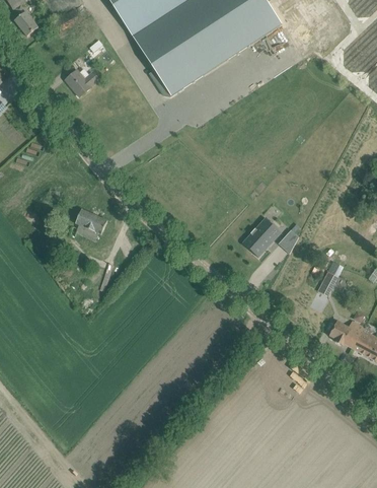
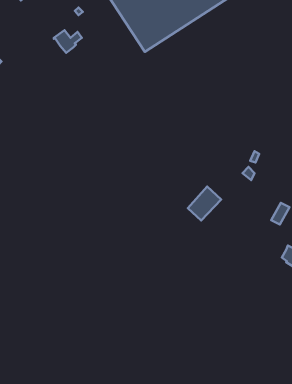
building: [69,208,106,240] -> none
building: [242,216,281,256] -> [188,186,221,220]

